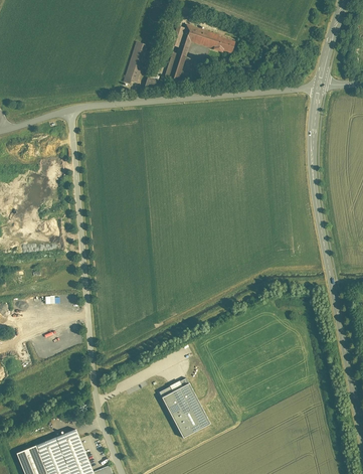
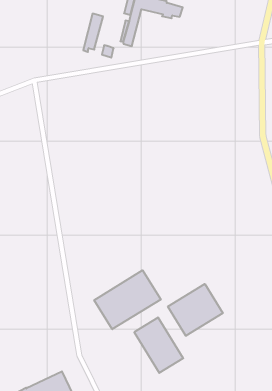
building: none -> [94,270,161,329]
building: none -> [168,284,223,336]

